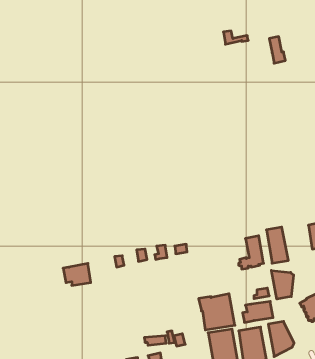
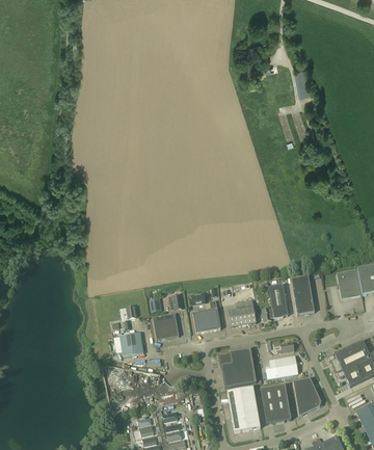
building: none -> [228,298,256,326]
building: none -> [192,299,220,333]
building: none -> [153,313,179,339]
building: [63,263,91,285] -> [113,332,143,355]
building: [271,270,294,299] -> none

